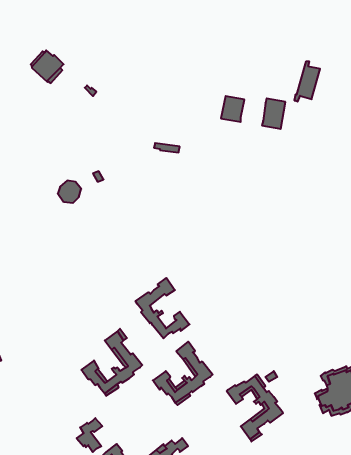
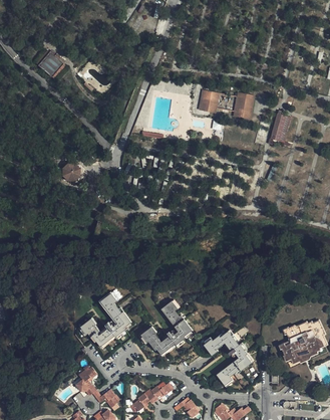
building: [294,62,320,102] -> [269,112,291,146]
building: [136,278,190,338] -> none

